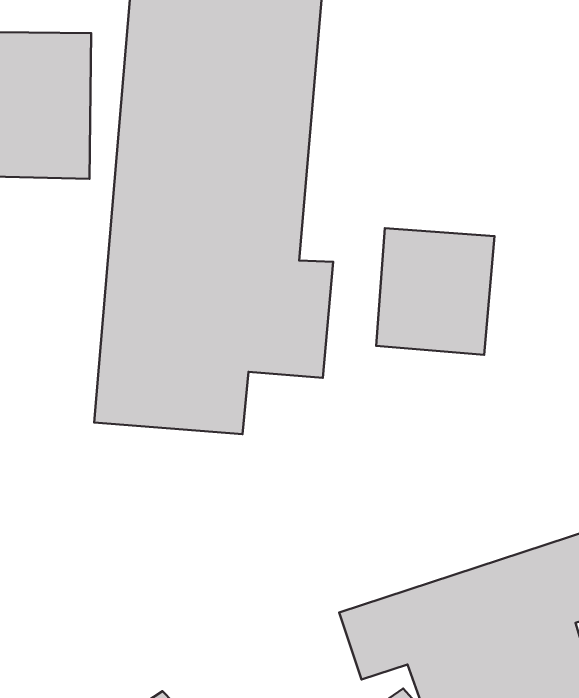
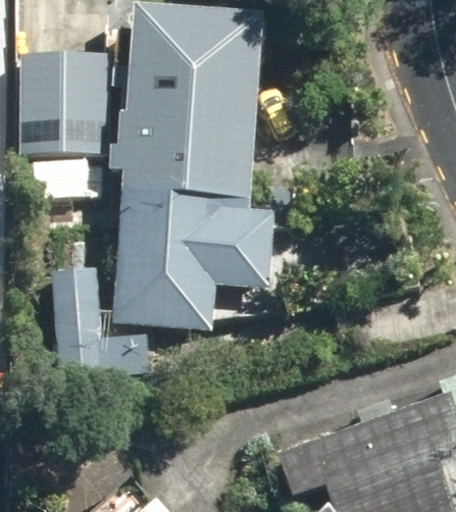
building: [376,228,495,355] -> none
building: none -> [49,270,148,389]

